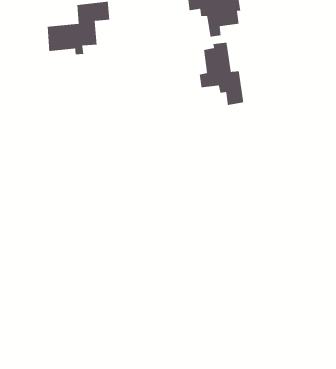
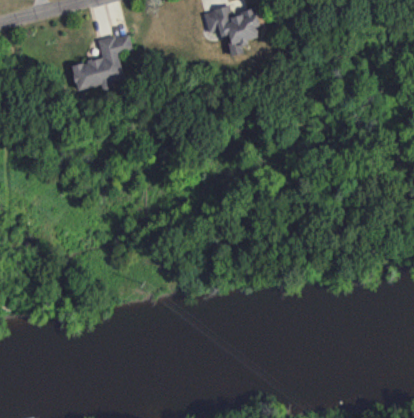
building: [199,42,244,106] -> none

